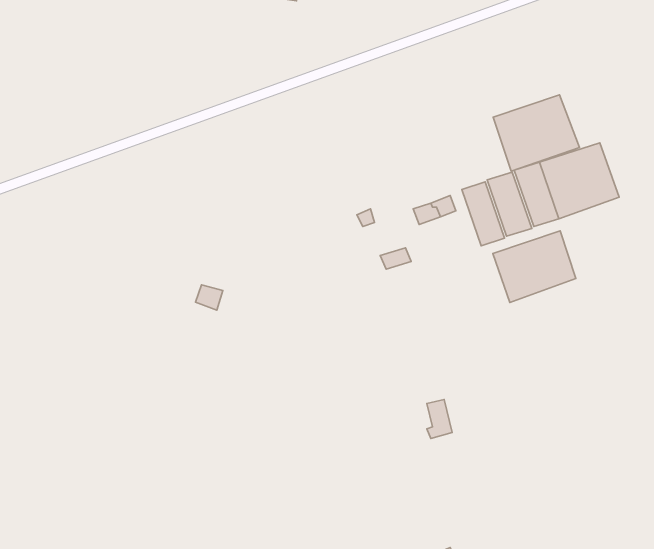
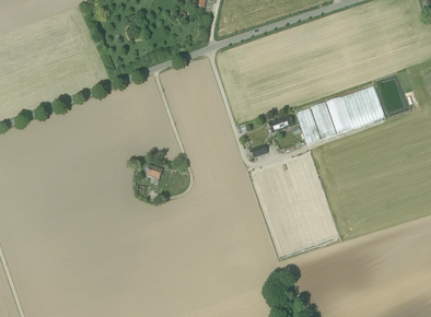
building: [493,95,579,171] -> none
building: [493,231,576,303] -> none

